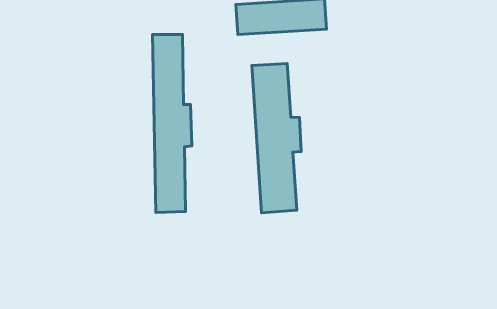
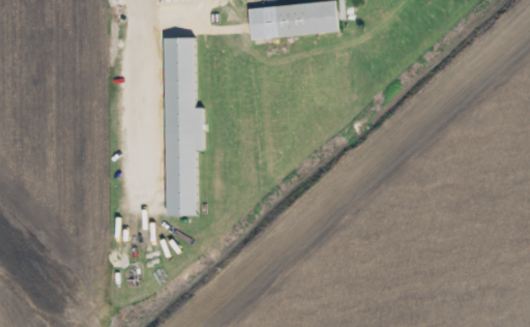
building: [252,64,301,213] -> none

